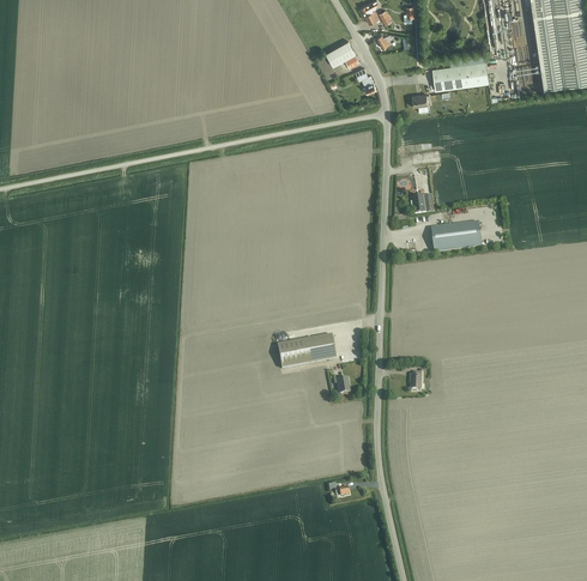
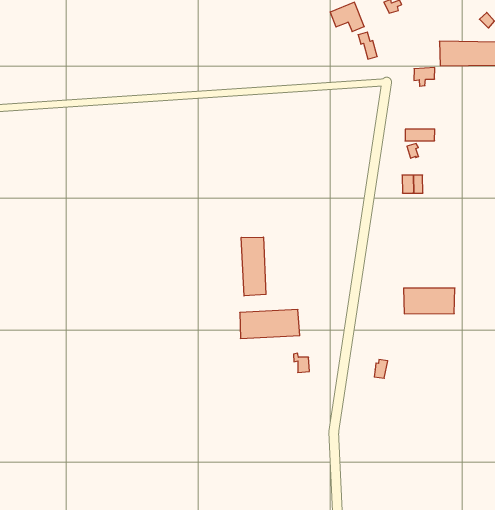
building: [430,222,480,252] -> [404,288,455,314]
building: none -> [241,237,266,296]

